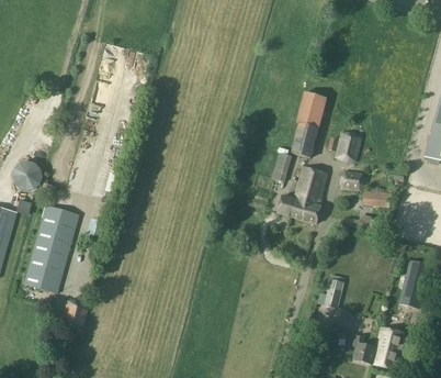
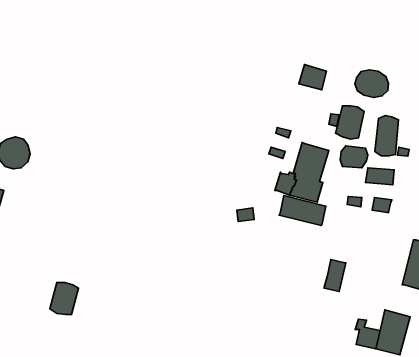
building: none -> [355,70,389,97]
building: [291,122,318,157] -> none
building: none -> [375,116,399,156]
building: [25,205,80,293] -> none
building: none -> [279,196,326,226]

